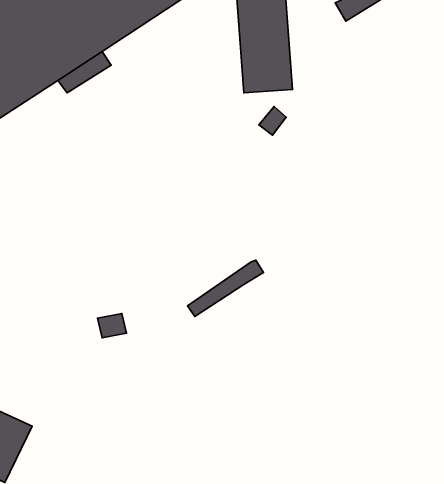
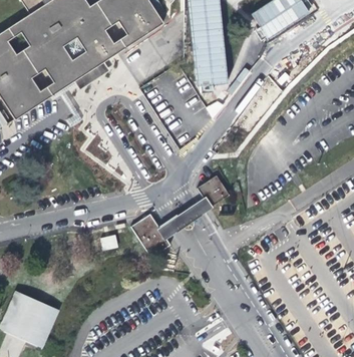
building: none -> [198,176,230,209]
building: none -> [130,215,169,258]

